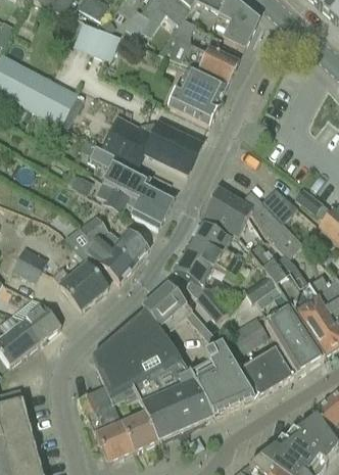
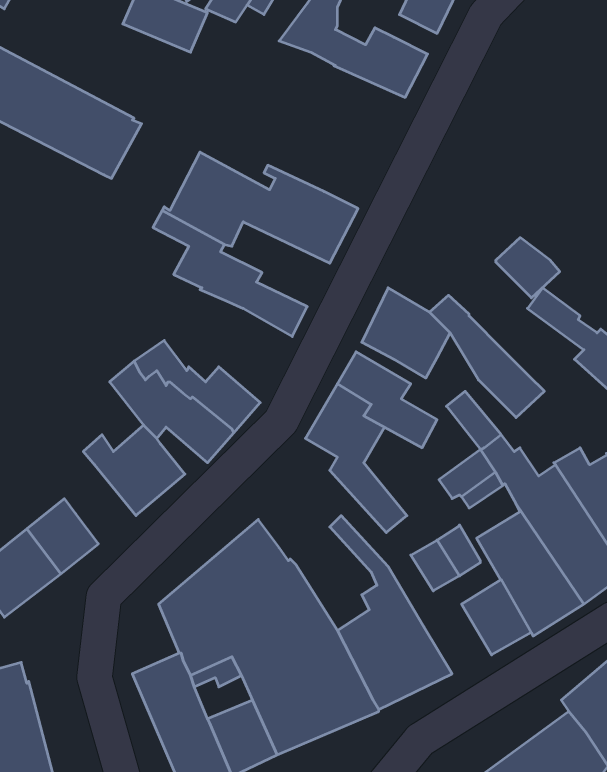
building: [166,66,227,126] -> none
building: [71,171,165,229] -> none
building: [261,189,296,222] -> [496,238,560,298]
building: [13,248,46,281] -> none
building: [142,283,192,335] -> none
building: [237,359,274,398] -> none

